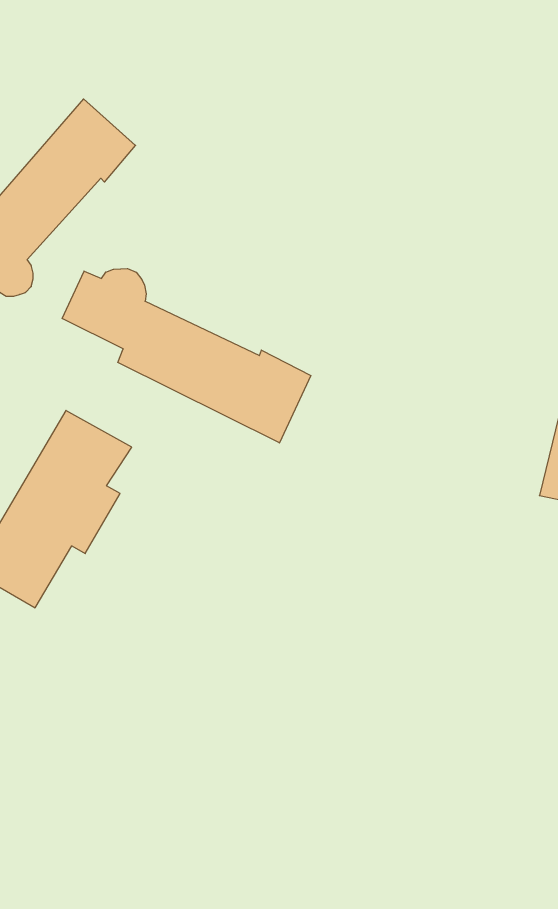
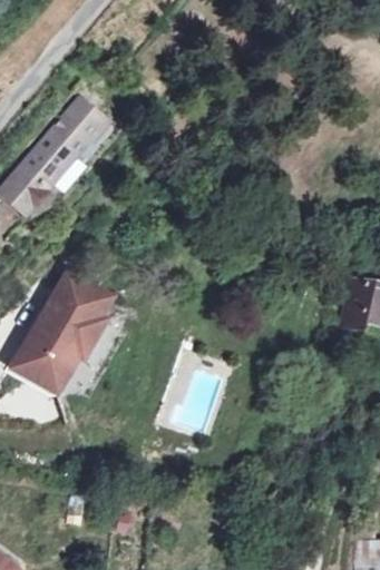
building: [62,269,311,443] -> none

